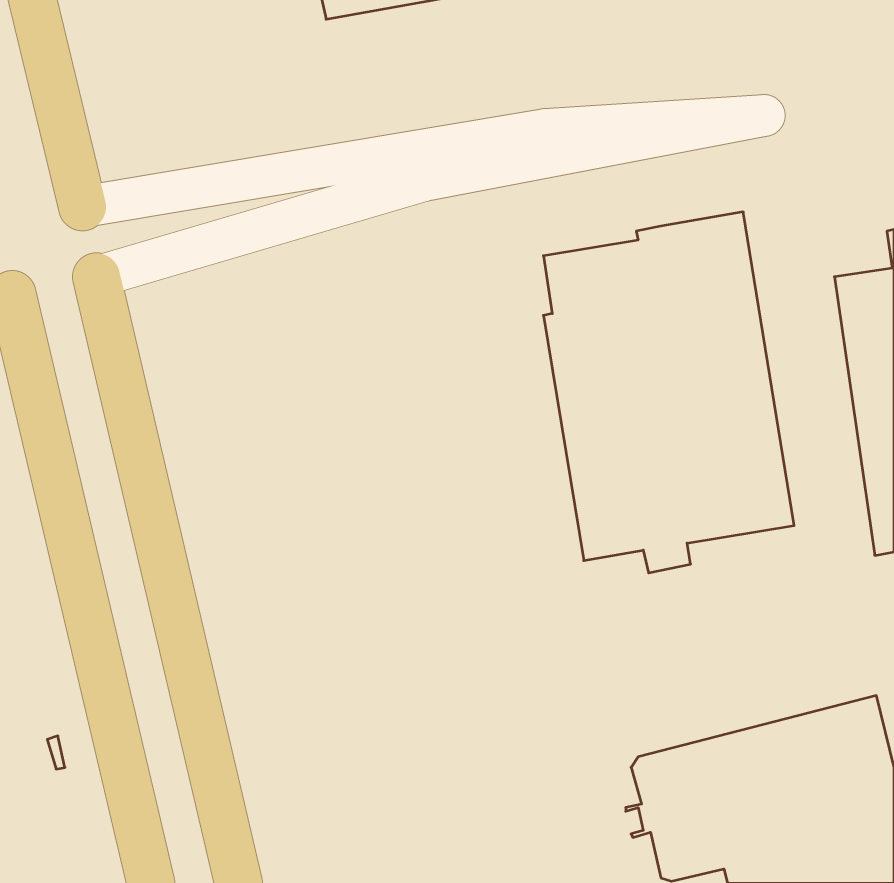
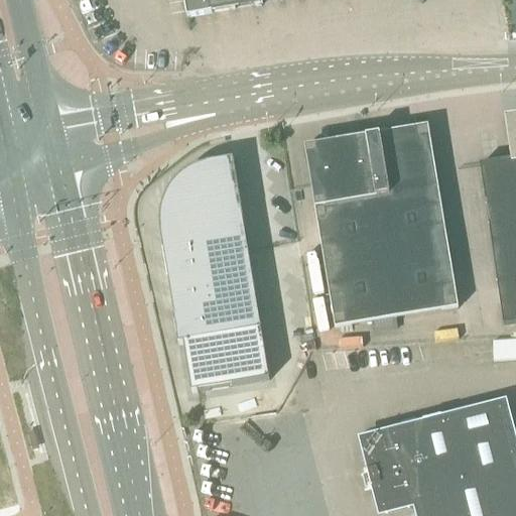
building: none -> [161,154,270,387]

